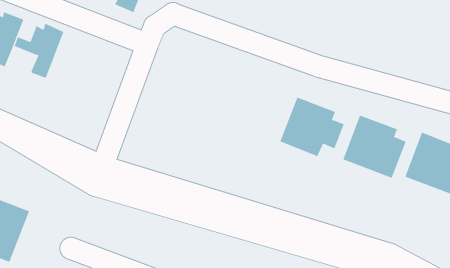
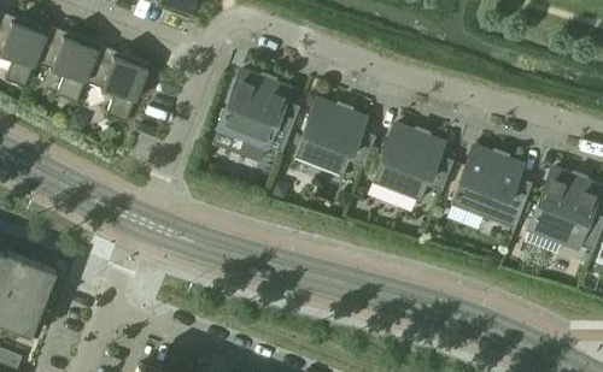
building: none -> [84,52,150,120]
building: none -> [218,70,300,152]
building: none -> [294,100,376,175]

